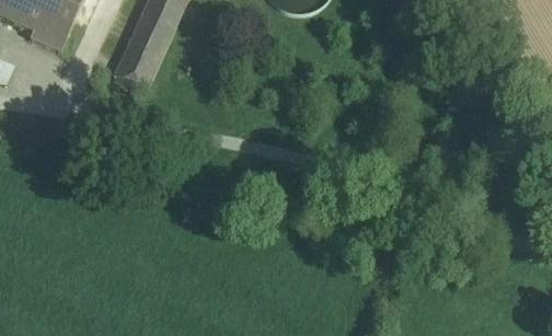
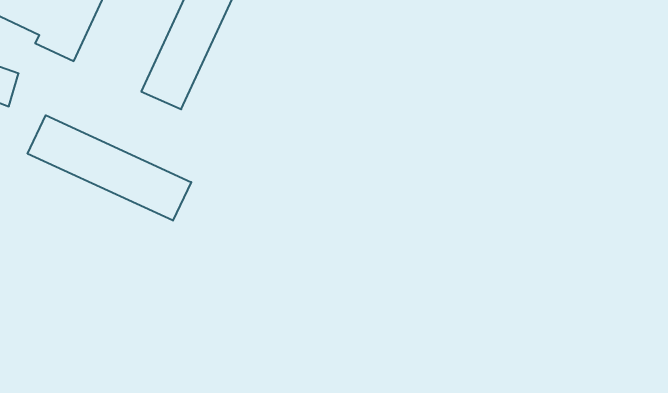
building: none -> [28,115,191,221]

